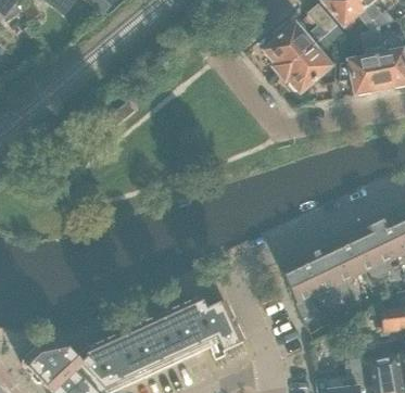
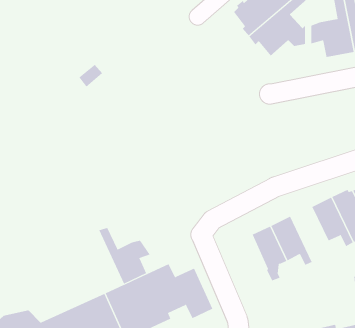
building: [320,240,357,294] -> none
building: none -> [99,227,150,284]

